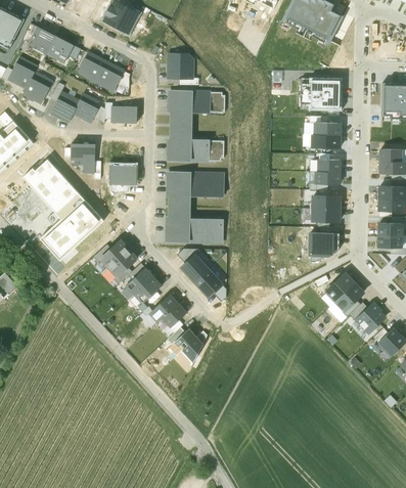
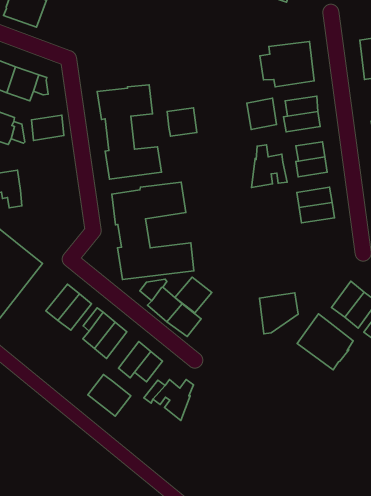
building: [168,54,193,79] -> none
building: none -> [167,108,197,136]
building: none -> [247,98,277,130]
building: none -> [251,145,287,188]
building: [110,166,136,186] -> none
building: [309,233,339,262] -> [259,293,298,334]
building: none -> [175,277,212,313]
building: none -> [297,314,353,370]
building: none -> [88,375,131,416]

